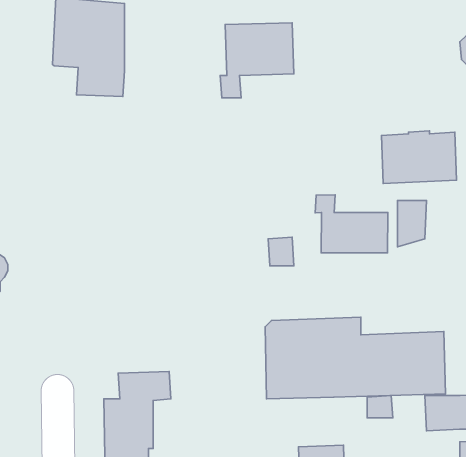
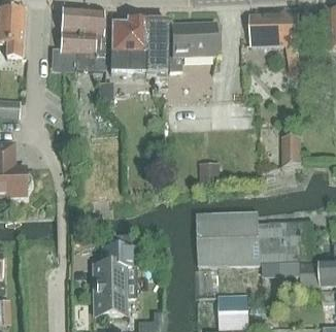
building: none -> [110,19,167,88]
building: [381,131,456,183] -> [250,11,299,45]
building: [315,195,388,253] -> none

